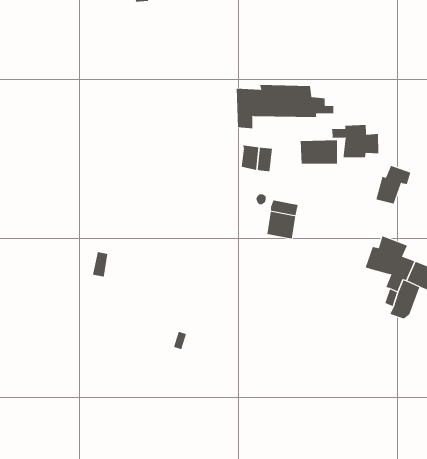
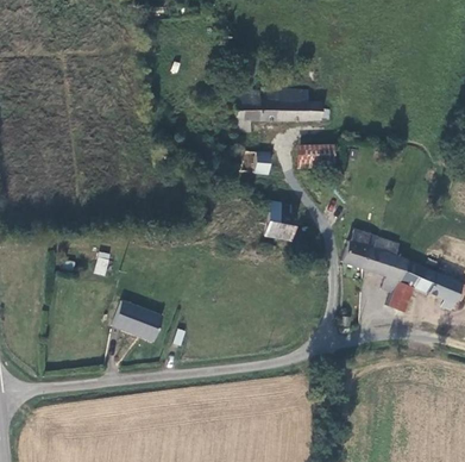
building: [332,124,379,158] -> none
building: [376,165,411,204] -> [343,229,377,267]
building: none -> [112,301,162,342]

